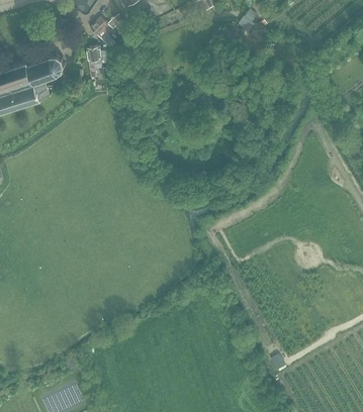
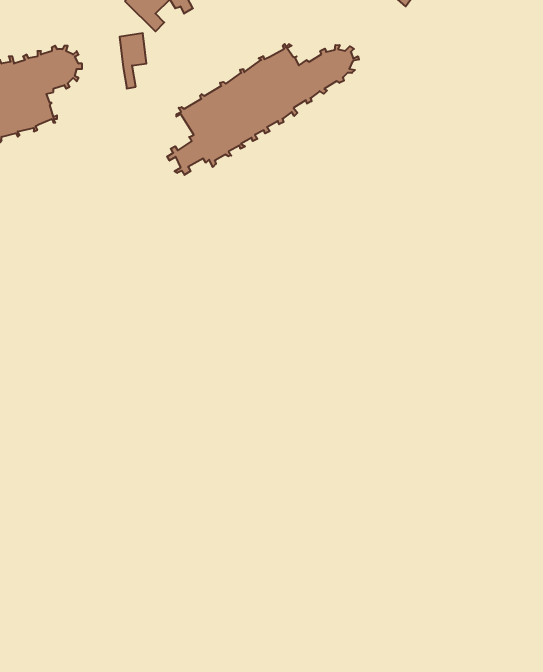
building: none -> [167,44,359,175]

